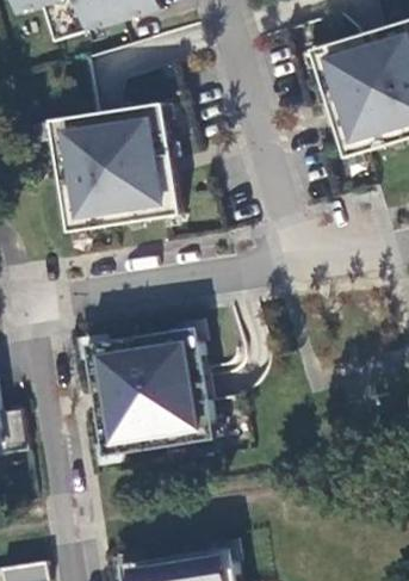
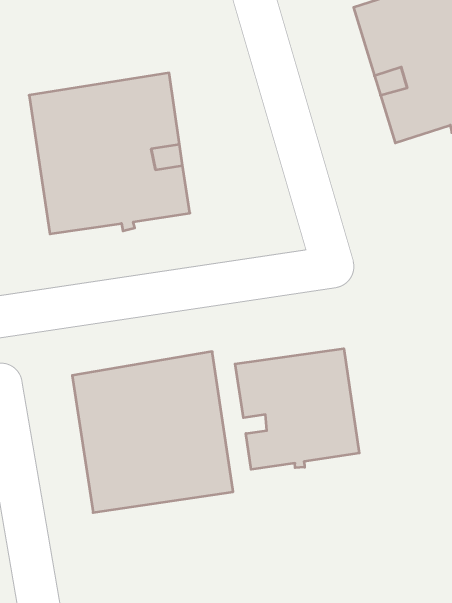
building: none -> [235,349,359,469]

